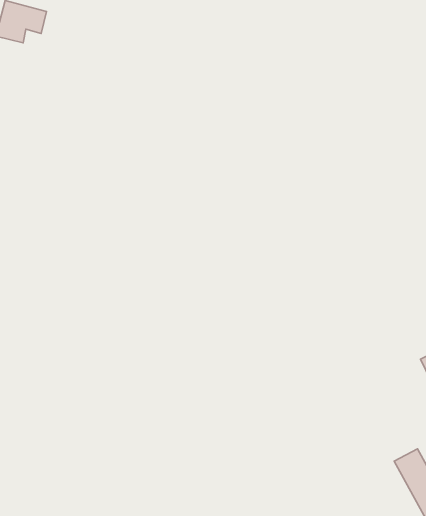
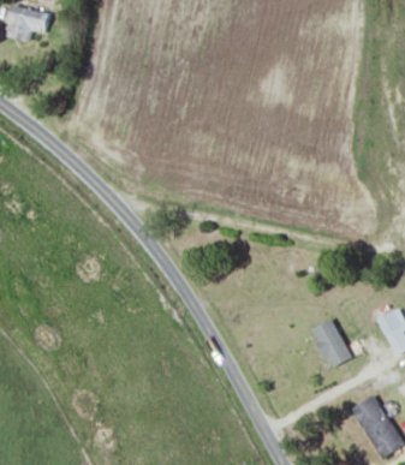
building: none -> [312,318,350,366]

